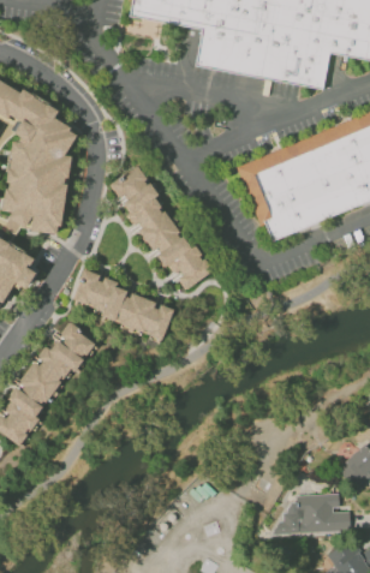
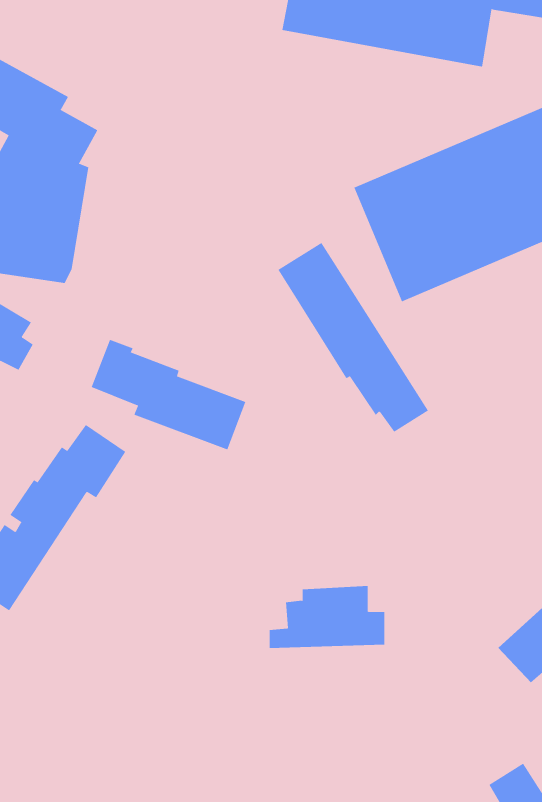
building: [109,165,208,288] -> [277,242,429,433]
building: [274,493,350,533] -> [269,585,385,648]

